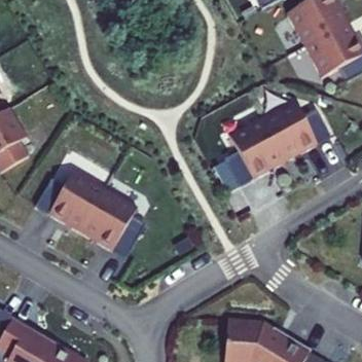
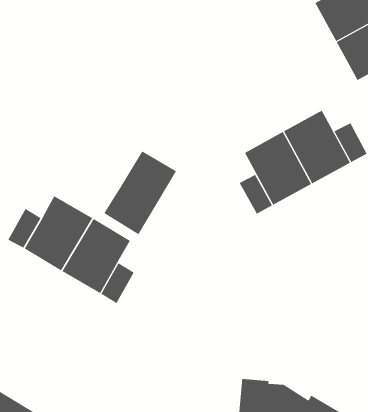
building: none -> [104,150,177,235]

